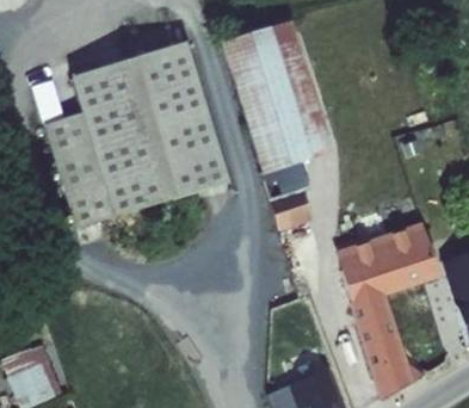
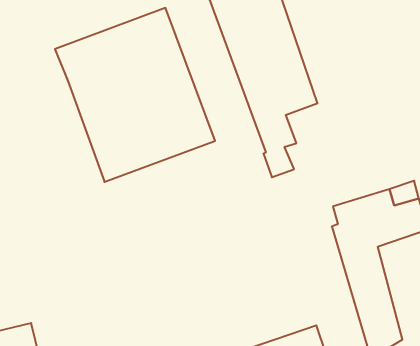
building: [38,116,112,231] -> none

